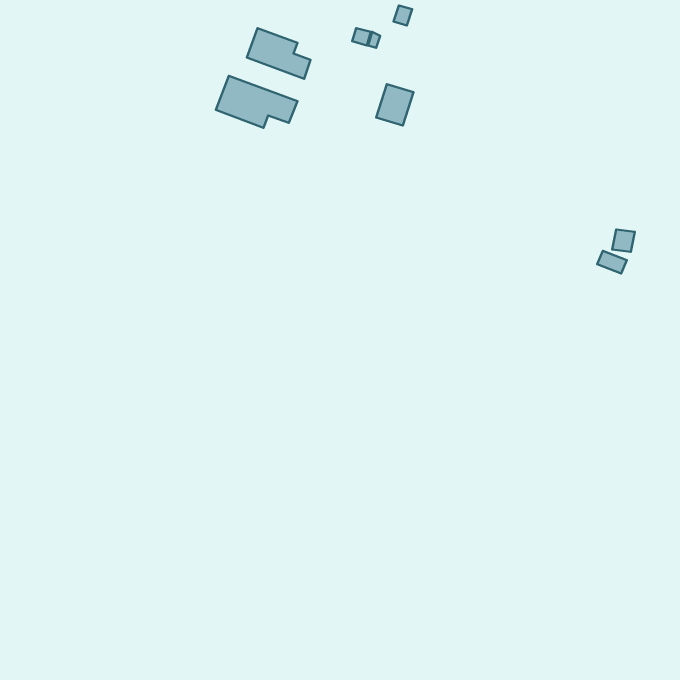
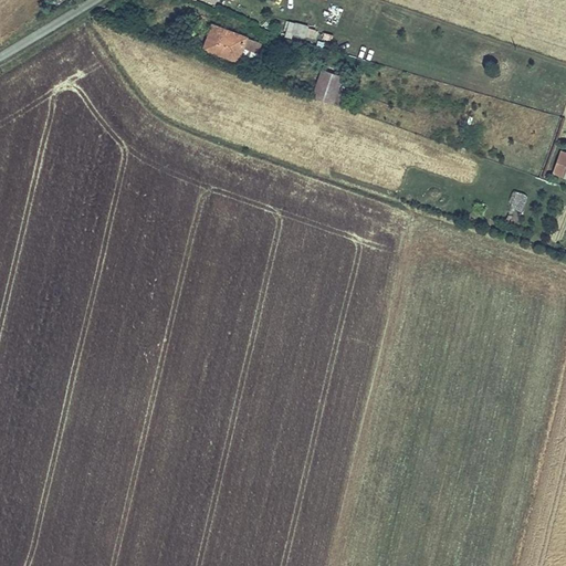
building: [216,76,297,128] -> none

